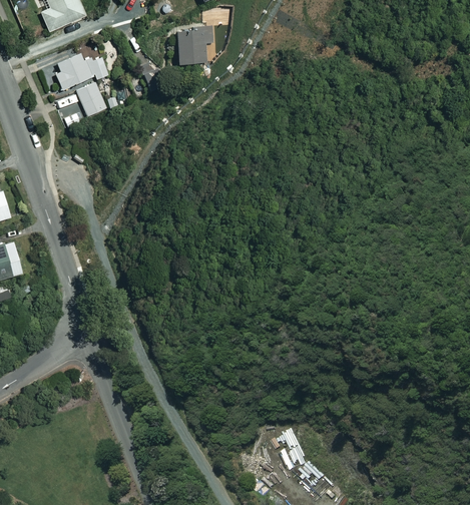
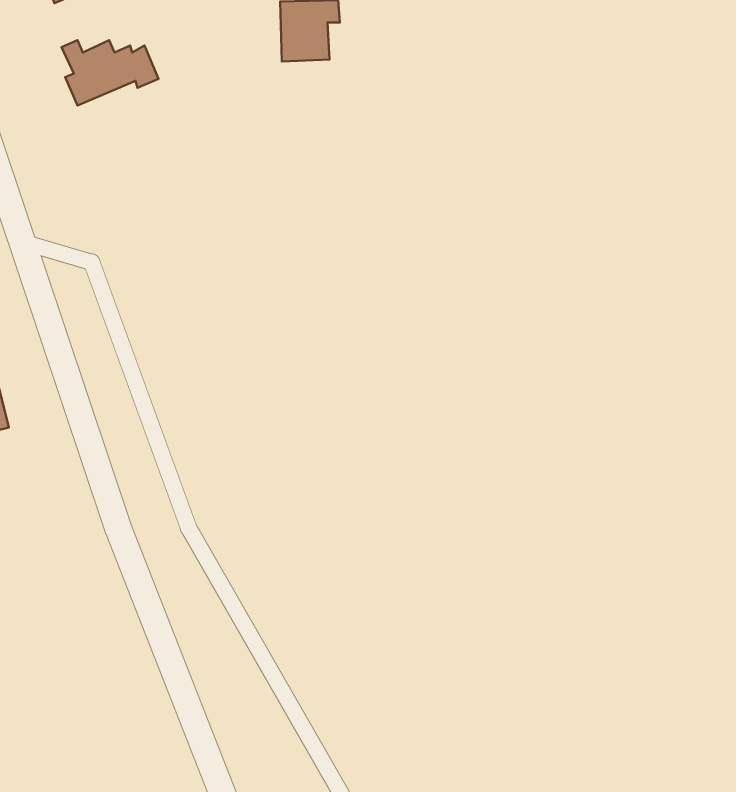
building: [76,82,106,116] -> none

